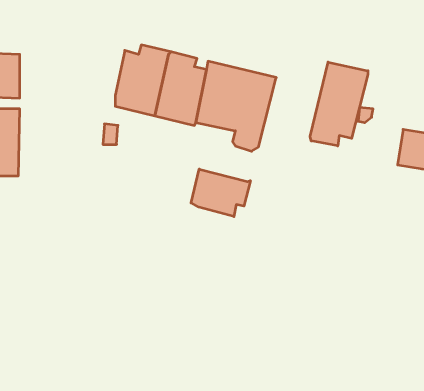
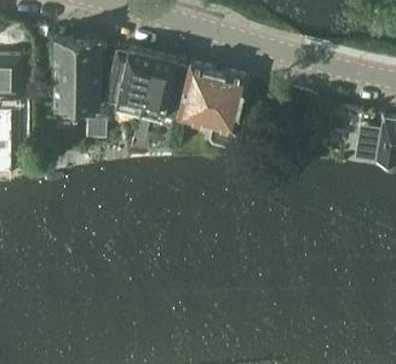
building: none -> [54,42,99,112]
building: [310,62,368,146] -> none
building: [191,169,250,217] -> none

